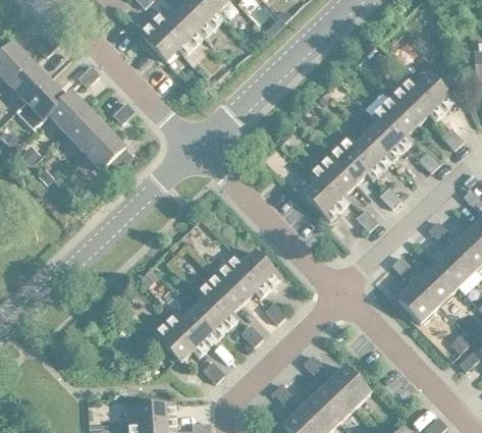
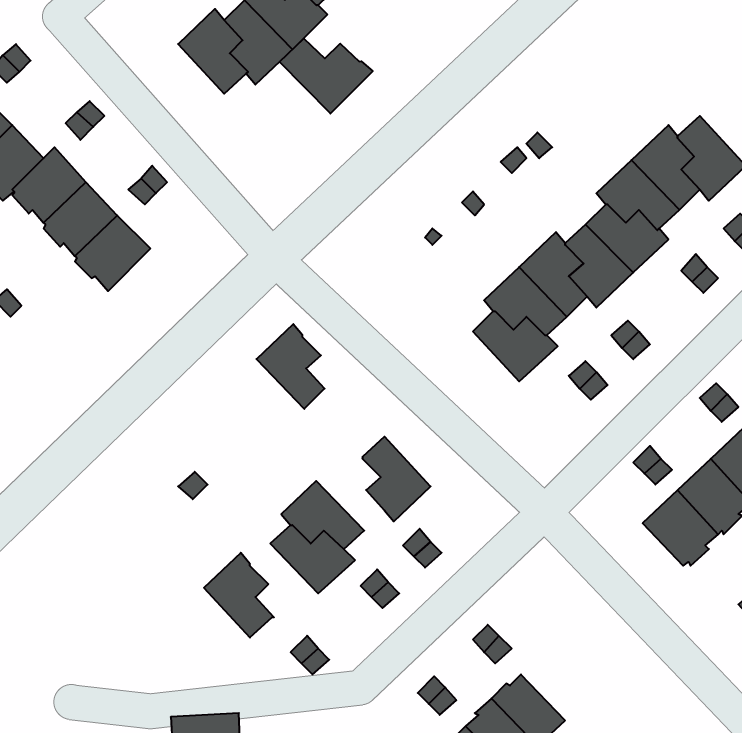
building: none -> [279,39,373,114]
building: [216,255,254,302] -> [256,324,325,409]
building: [179,309,217,356] -> none
building: [329,365,369,407] -> none

